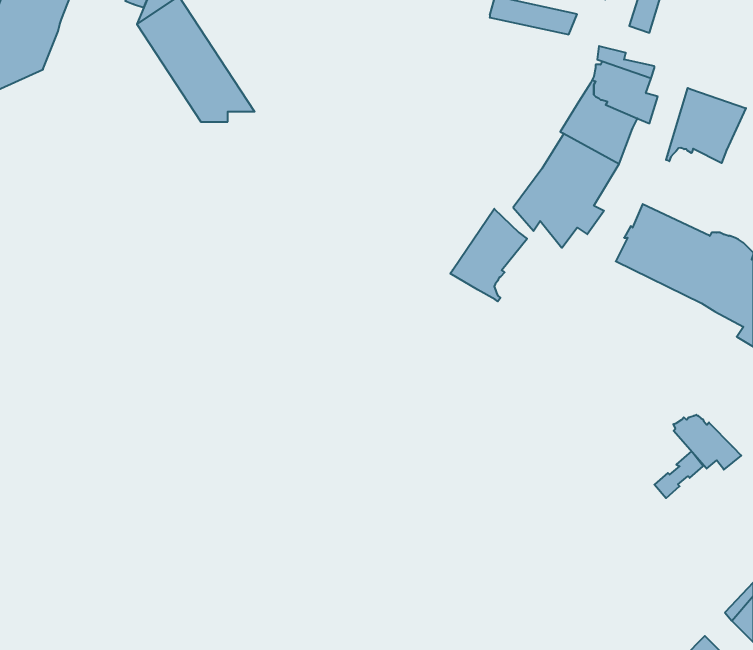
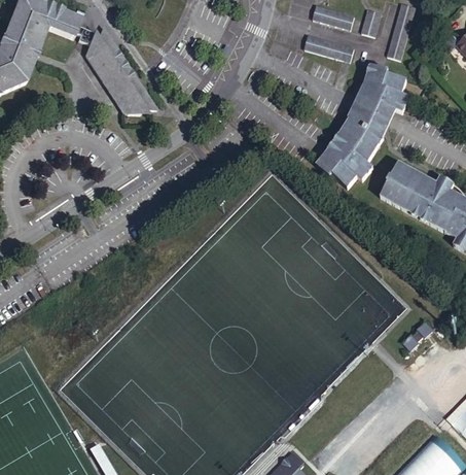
building: [666,88,746,163] -> none
building: [450,209,527,301] -> none
building: [673,415,741,470] -> none

